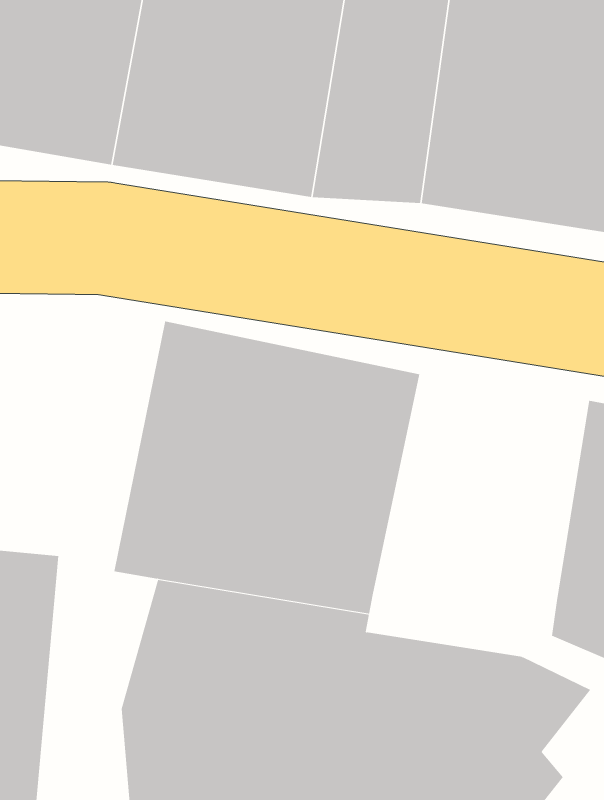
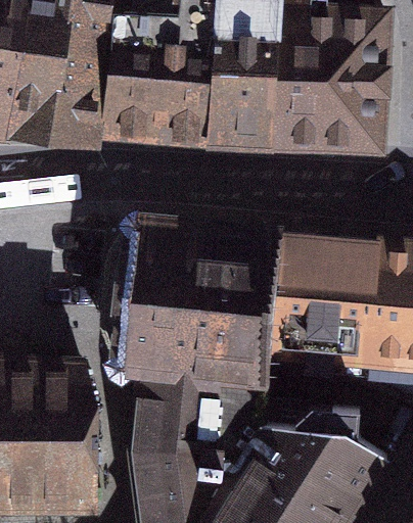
building: none -> [268,246,380,382]

